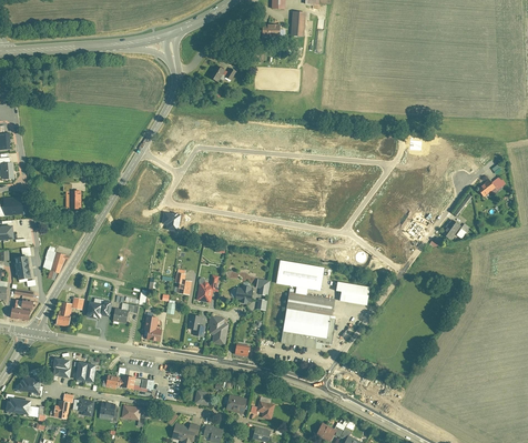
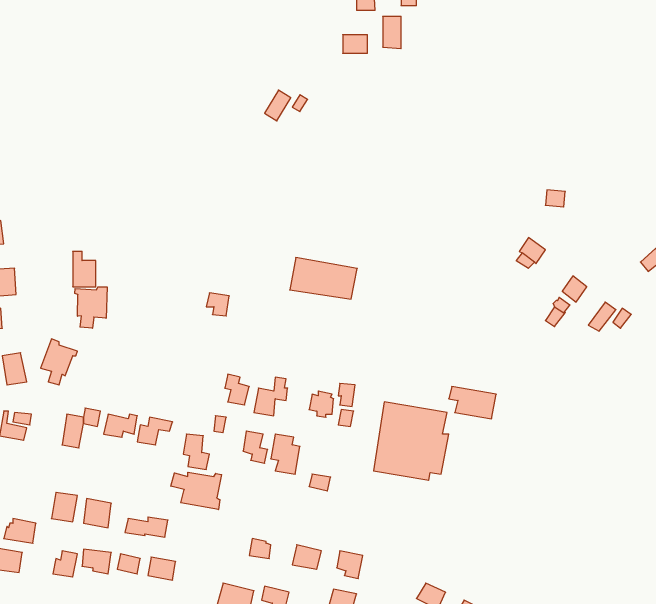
building: none -> [75,287,107,328]
building: [278,260,327,290] -> [290,258,357,299]
building: none -> [171,472,222,510]

